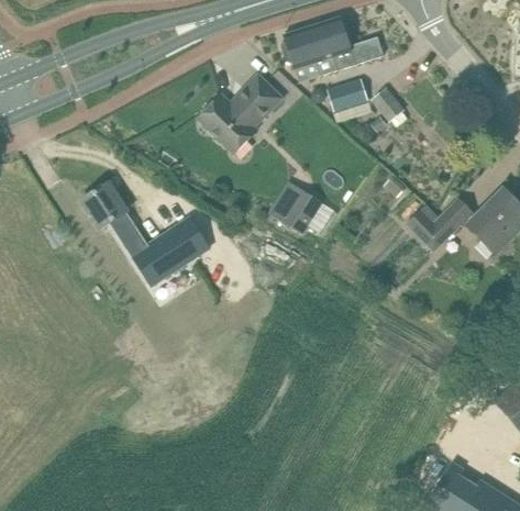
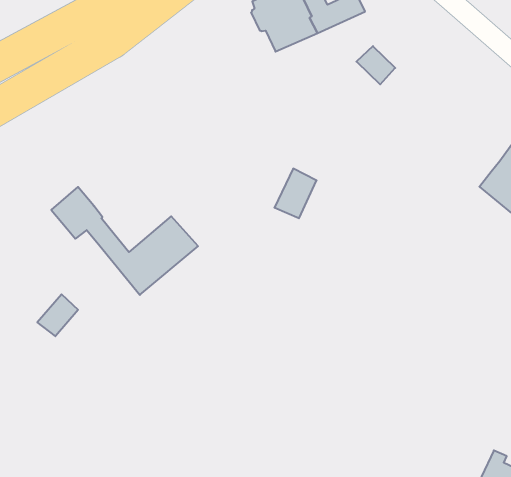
building: [198,74,281,153] -> none
building: [328,78,367,110] -> none
building: [406,208,460,251] -> none
building: none -> [37,294,78,336]

